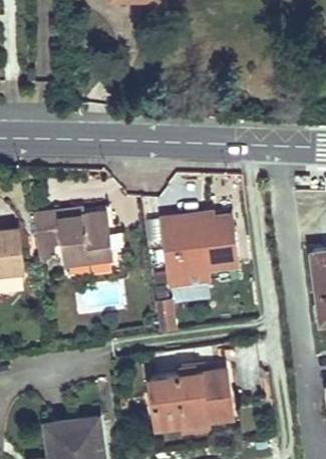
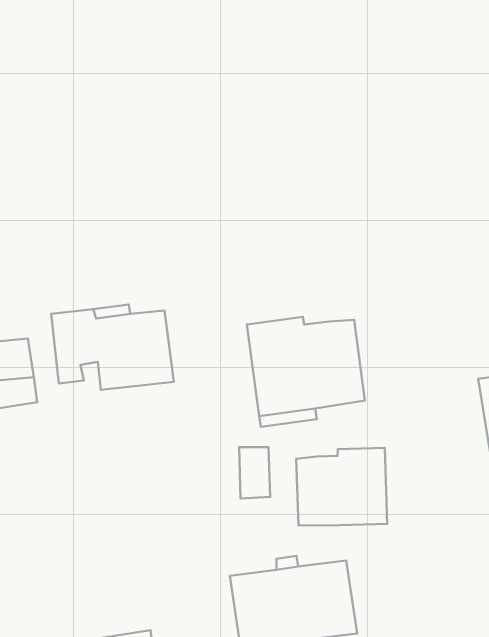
building: none -> [296,448,387,526]

